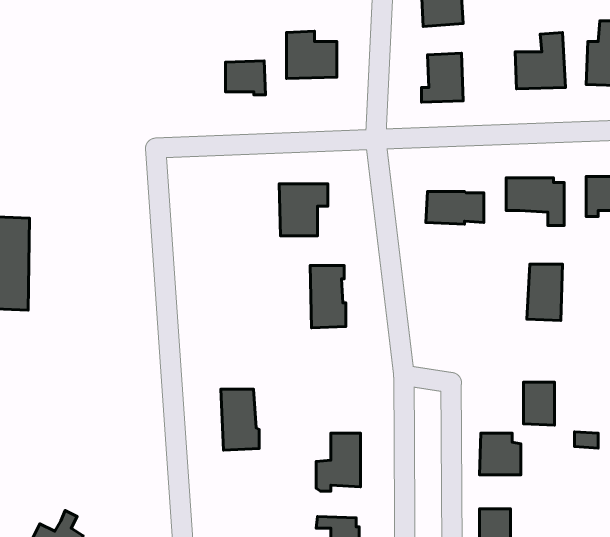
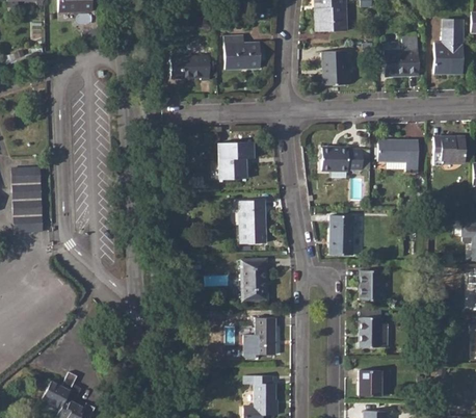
building: [527,264,562,320] -> [329,215,354,255]
building: [523,382,555,425] -> [361,270,382,301]
building: [221,389,259,450] -> [241,259,268,302]

